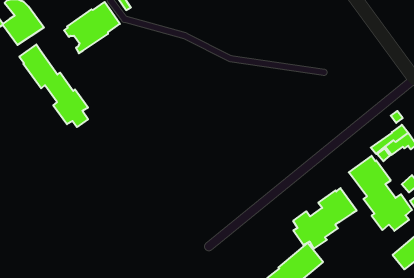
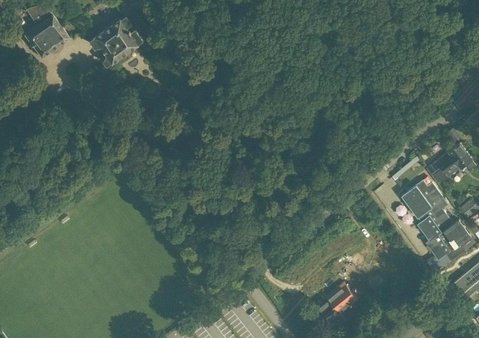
building: [19,44,88,127] -> none
building: [293,188,357,249] -> none

